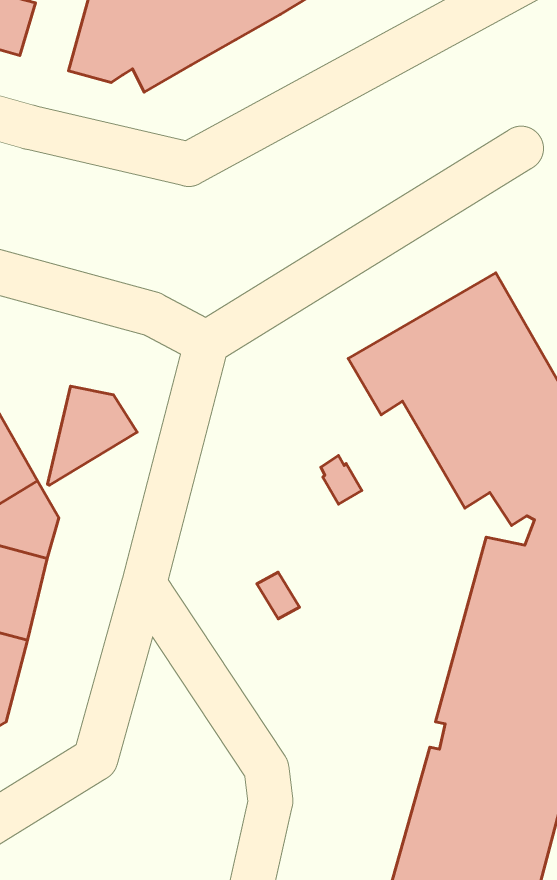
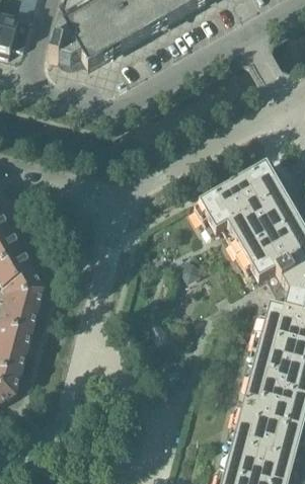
building: [48,386,137,485] -> none

